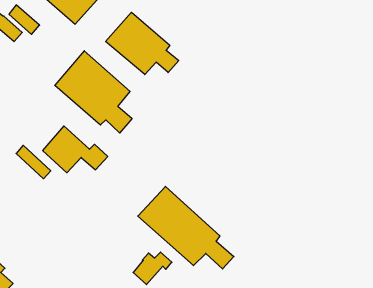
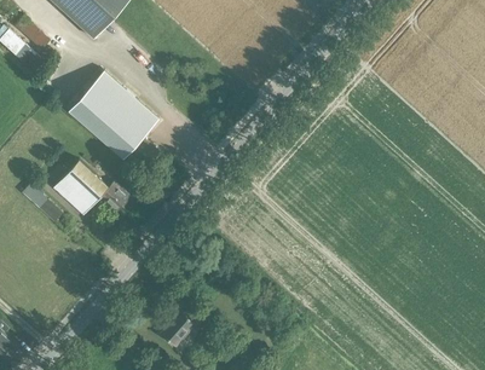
building: [106,12,179,75] -> none
building: [138,186,234,269] -> none

